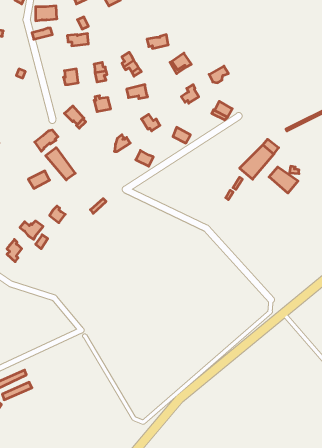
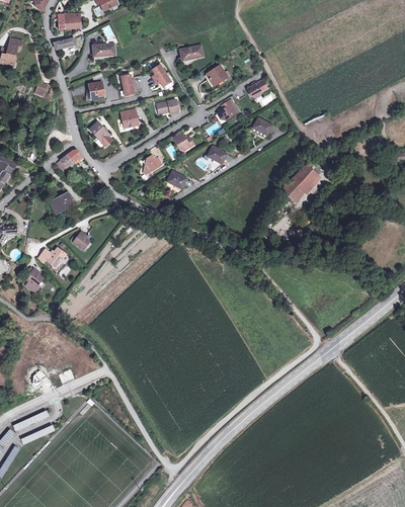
building: [46,148,75,180] -> none
building: [269,167,298,193] -> none

